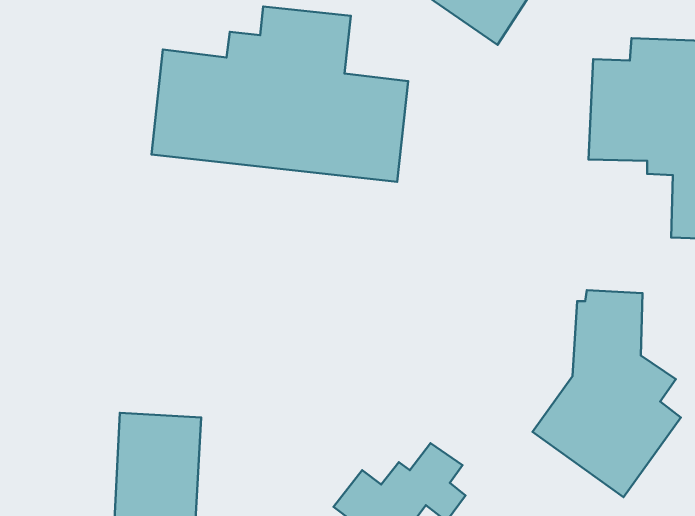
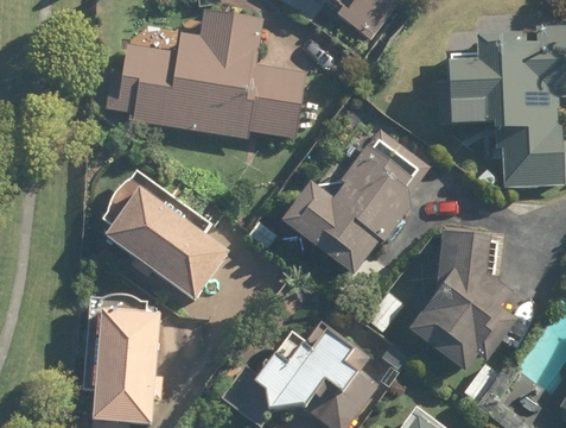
building: none -> [278,147,422,284]
building: none -> [101,175,230,307]

